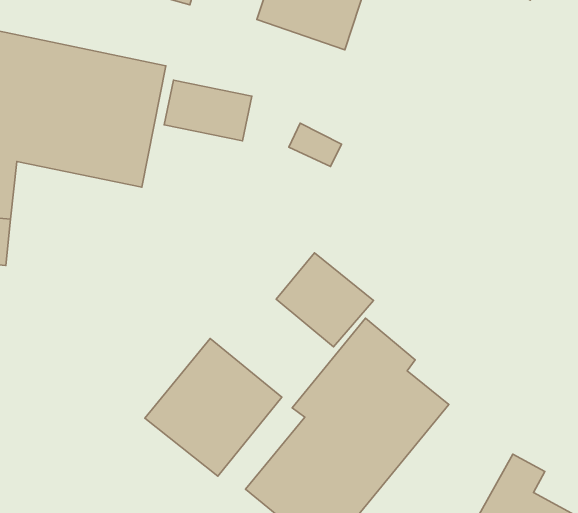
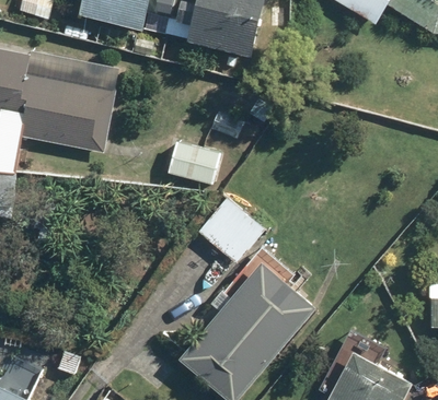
building: [164,80,252,141] -> [163,140,223,181]
building: [145,338,282,476] -> none

